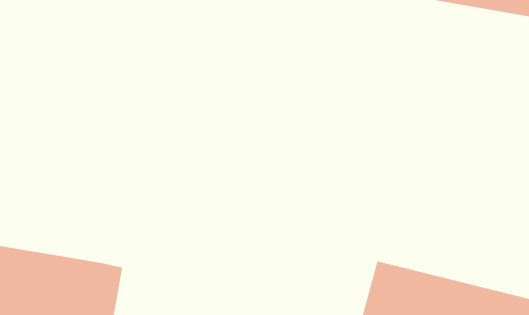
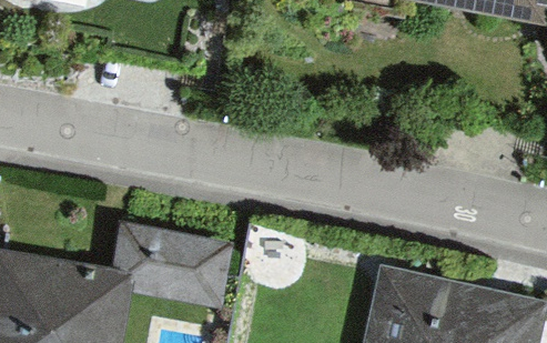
building: none -> [114,223,235,310]

